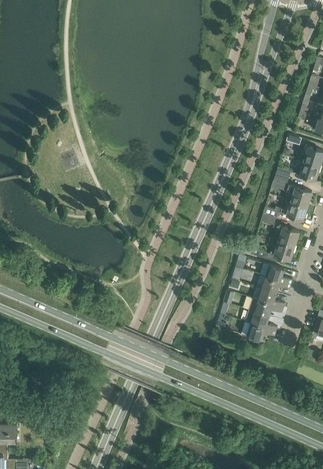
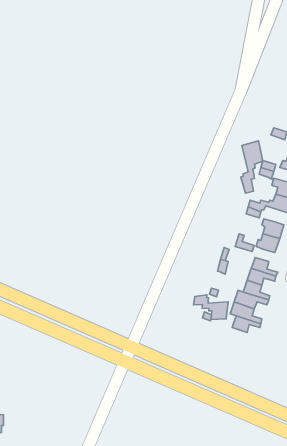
building: none -> [241,141,263,193]
building: none -> [194,295,228,319]

